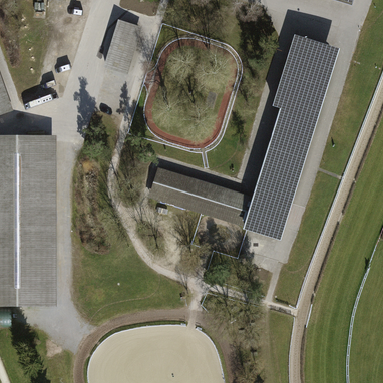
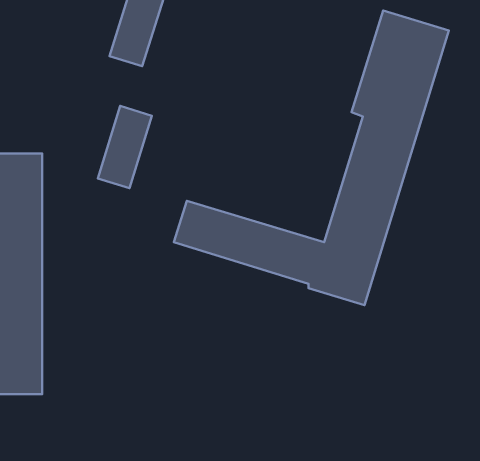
building: none -> [98,106,152,188]

